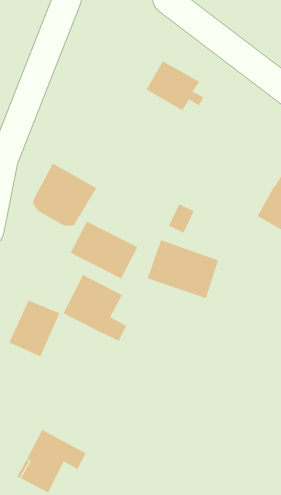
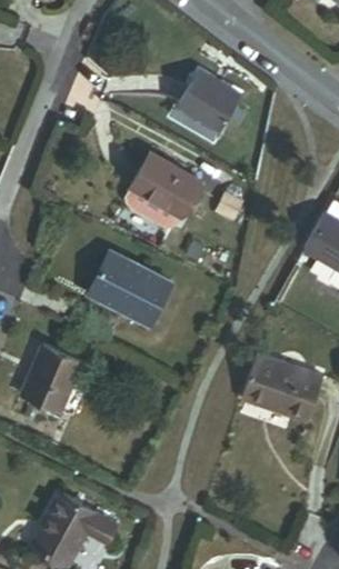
building: [32,163,97,226] -> [126,154,200,227]
building: [147,240,219,299] -> [240,353,322,421]
building: [63,274,127,341] -> none

